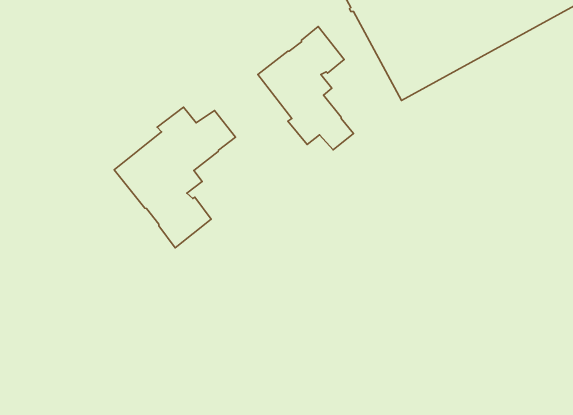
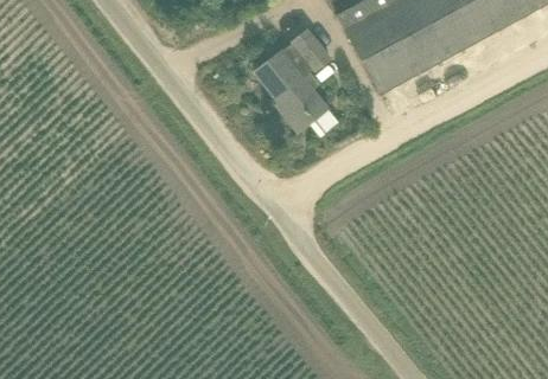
building: [114,107,235,248] -> none

